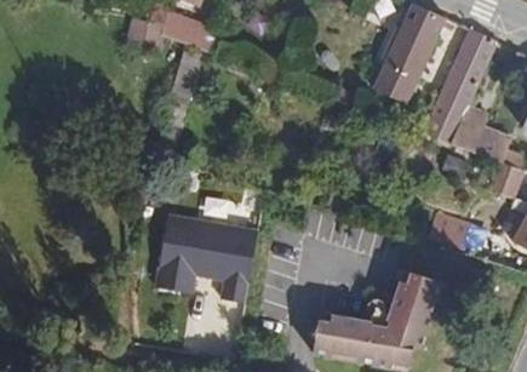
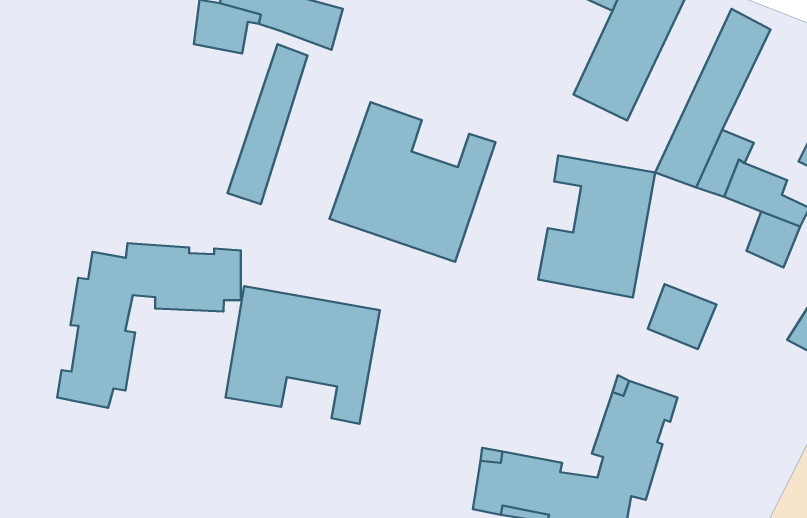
building: none -> [330,102,495,262]
building: none -> [538,155,655,298]
building: none -> [57,243,241,408]

